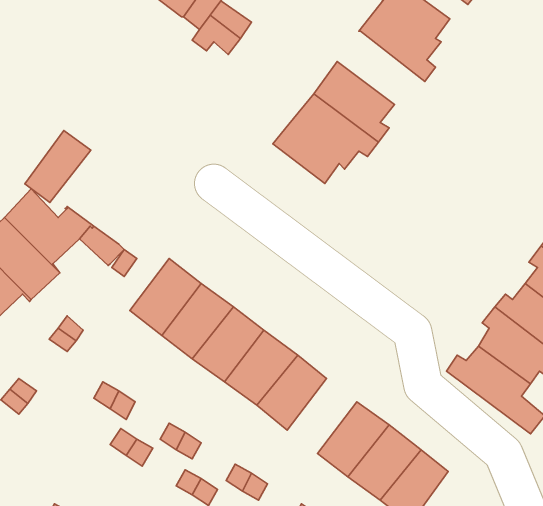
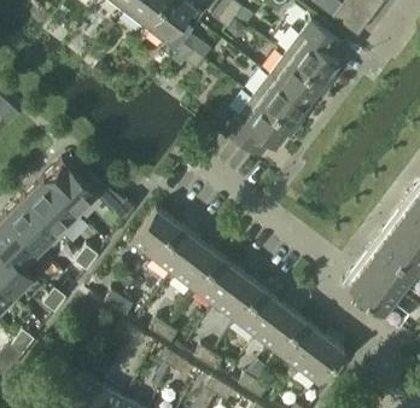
building: none -> [269,53,328,103]
building: [25,130,91,203] -> none
building: none -> [235,287,282,338]

